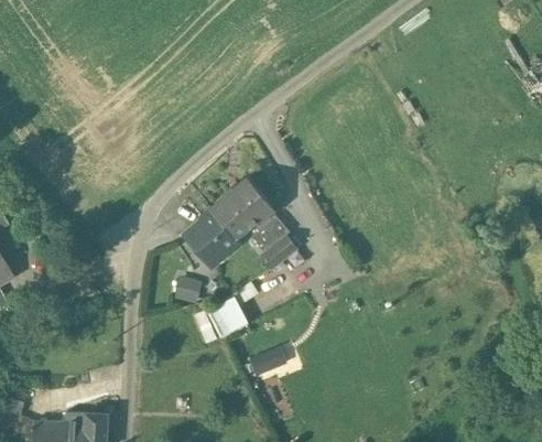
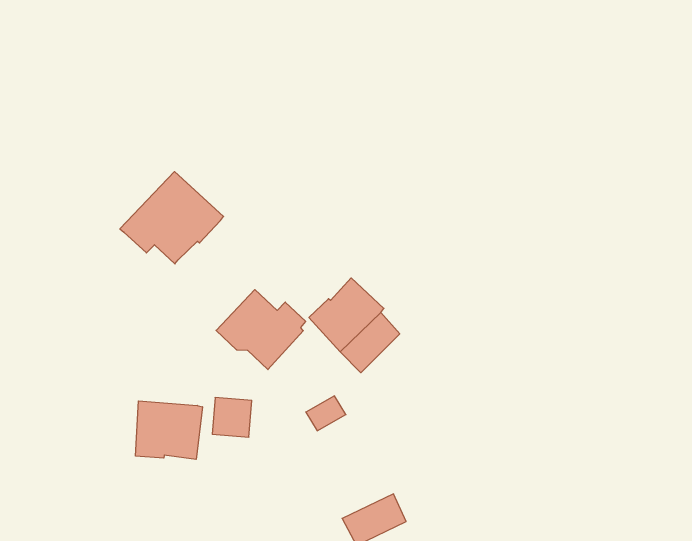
building: [209,179,273,235] -> [120,172,224,264]
building: none -> [136,401,202,459]
building: [207,298,246,338] -> none

